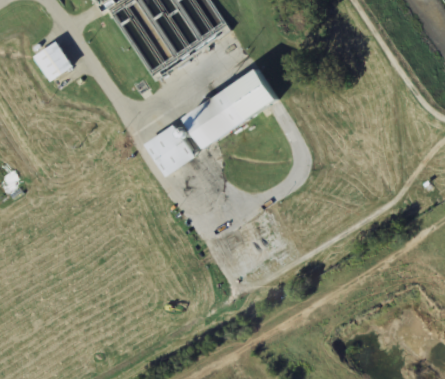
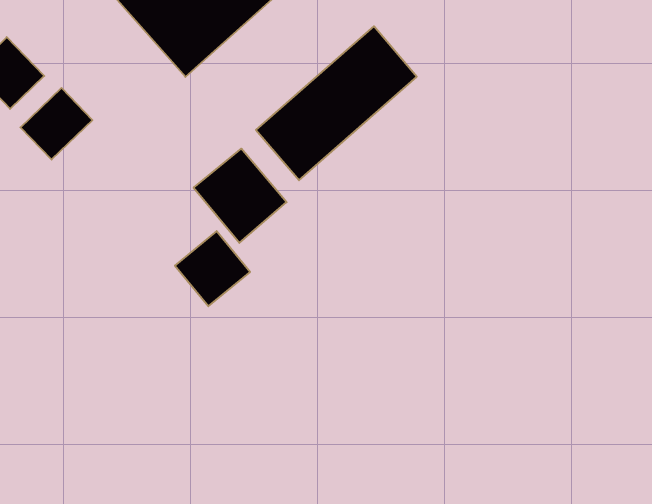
building: none -> [20,88,92,160]
building: none -> [175,231,250,306]

